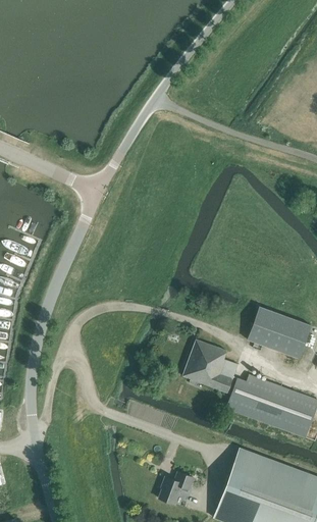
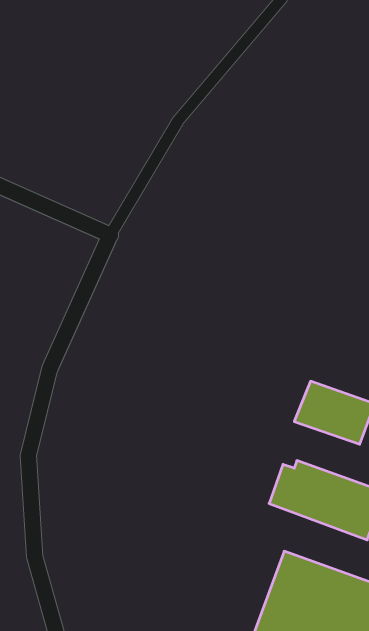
building: [182,340,239,393] -> none
building: [159,472,194,505] -> none

